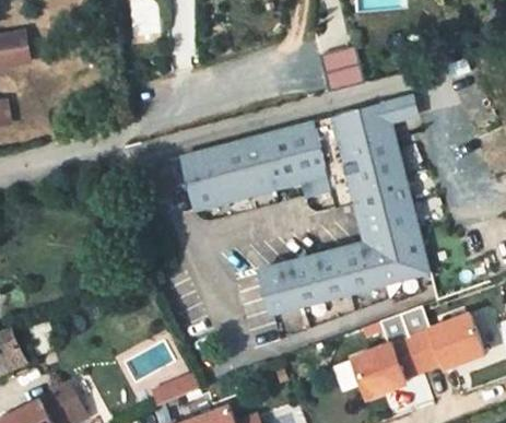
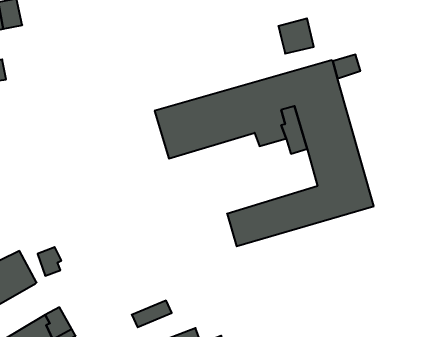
building: [349,307,482,401] -> none

